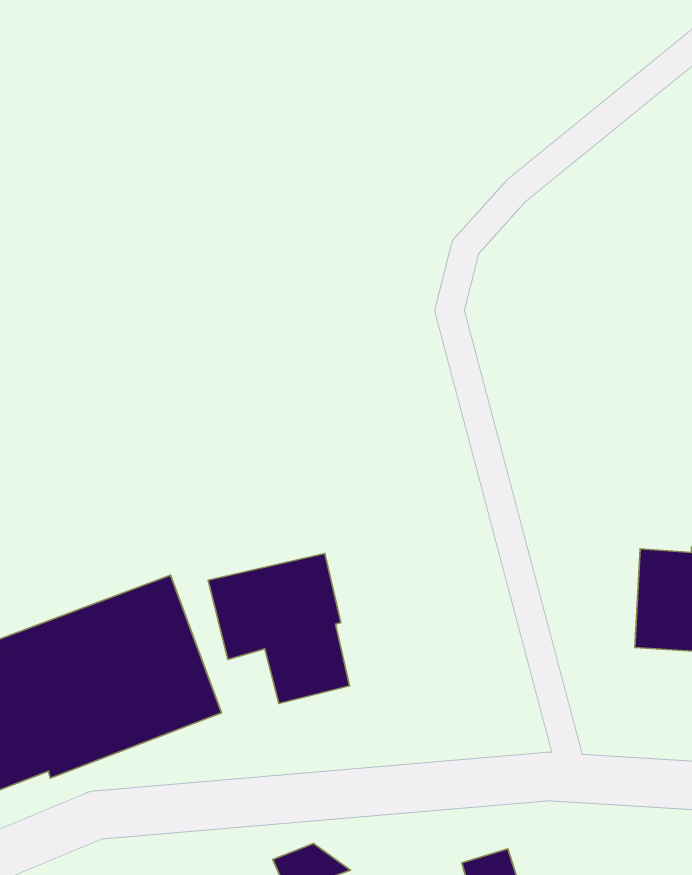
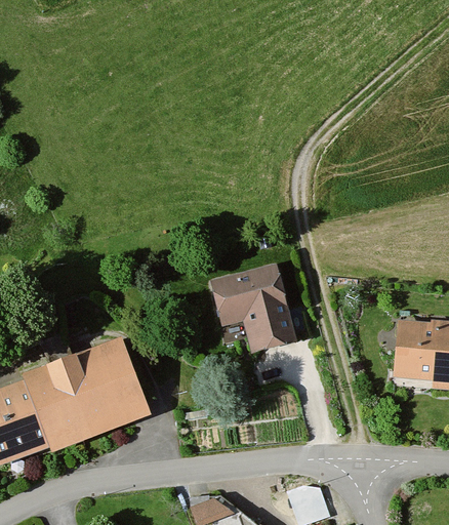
building: [208,554,350,704] -> [210,264,292,351]

